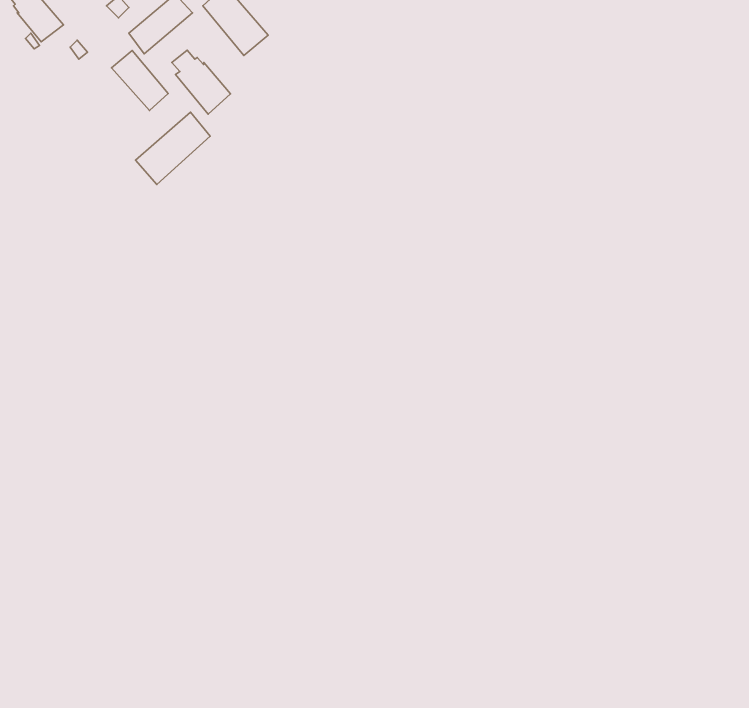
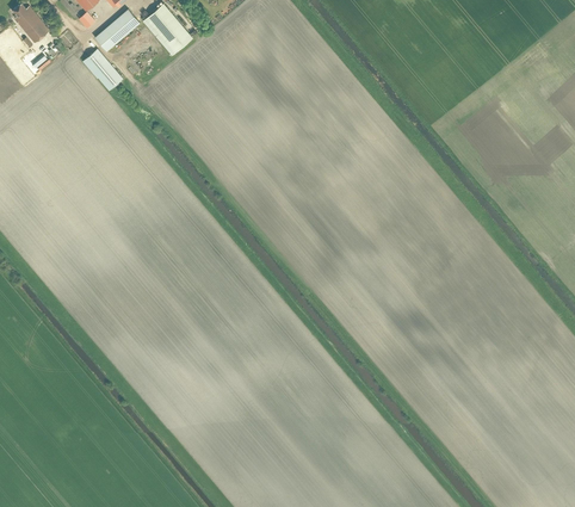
building: [172,50,231,114] -> none
building: [136,112,210,184] -> none

